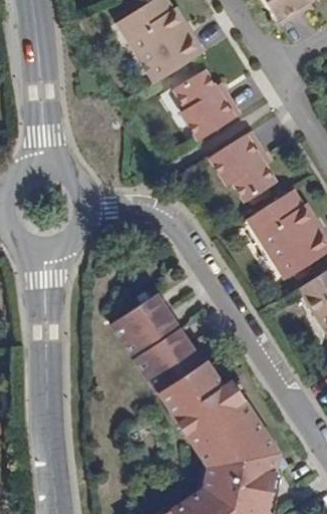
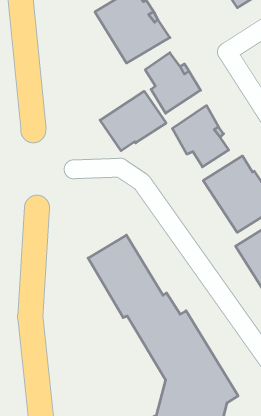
building: none -> [100,91,166,151]

